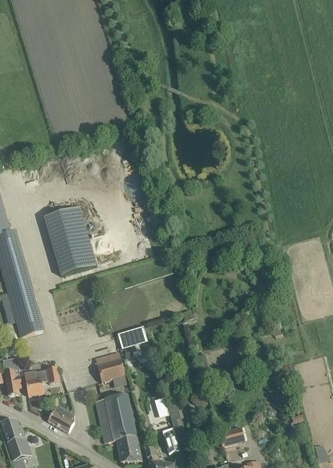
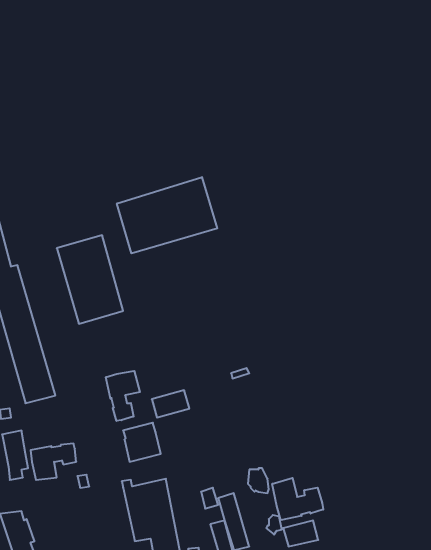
building: none -> [117,177,217,253]
building: none -> [106,371,140,421]
building: none -> [272,478,323,520]
building: [48,404,74,431] -> none

